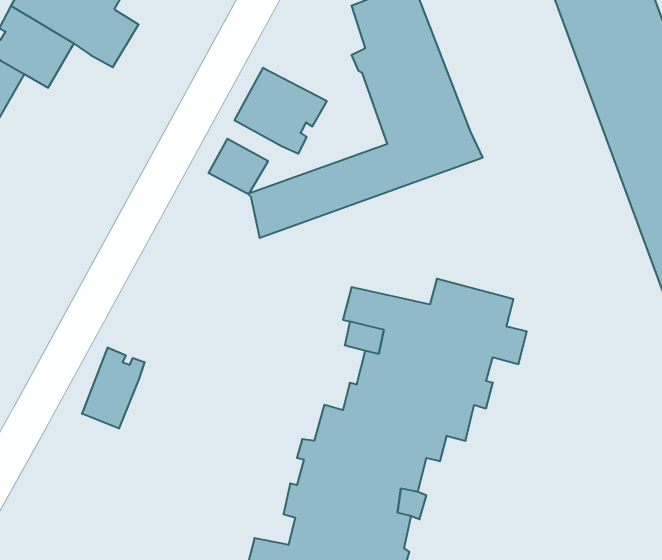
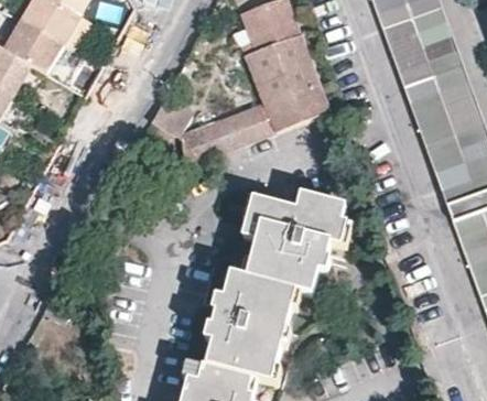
building: [235,68,327,154] -> none
building: [82,347,145,429] -> none

